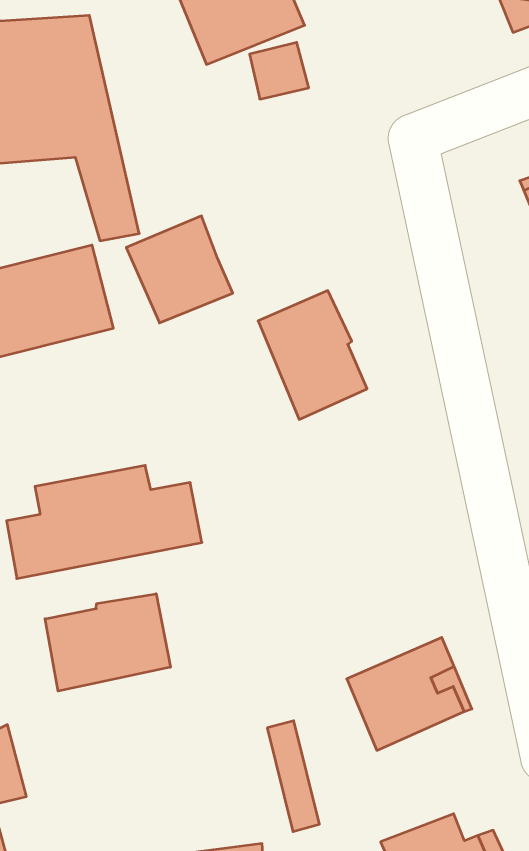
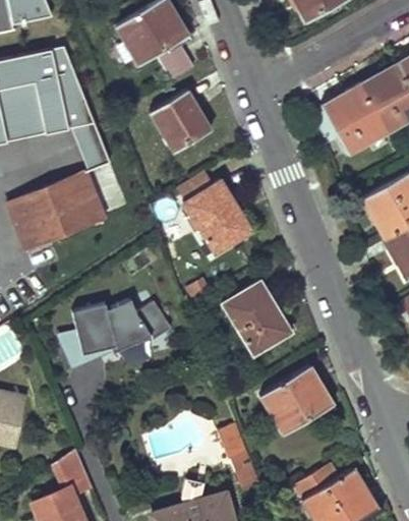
building: [126,216,233,323] -> [145,91,209,154]
building: none -> [223,281,290,355]
building: [45,594,170,691] -> none

